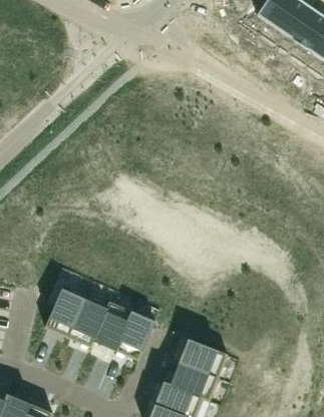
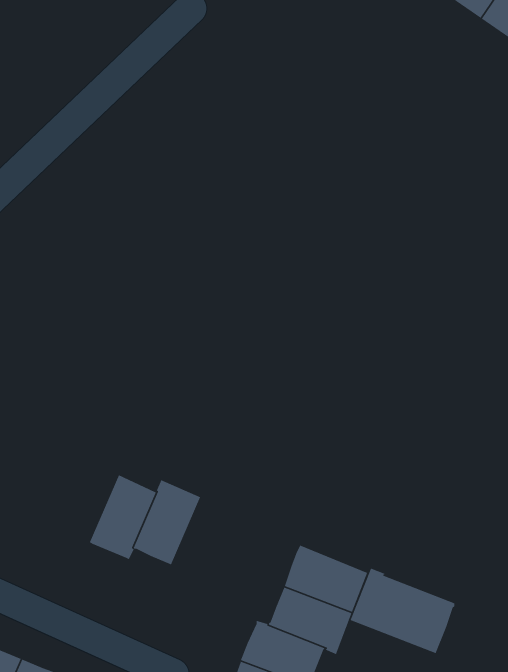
building: [44,288,84,337] -> none
building: [114,311,155,360] -> none
building: none -> [350,568,455,654]

